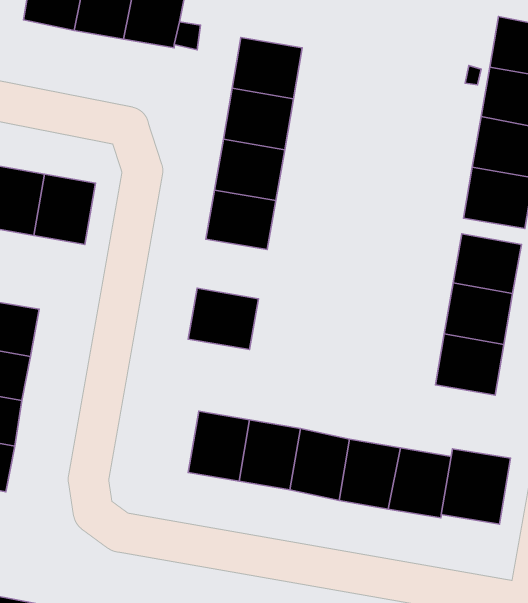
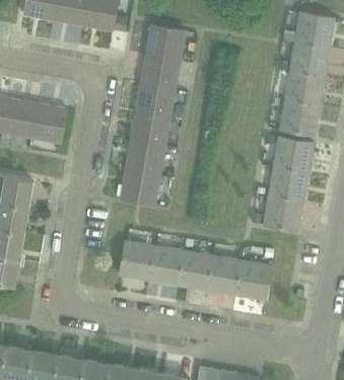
building: none -> [125,141,165,175]
building: [441,449,511,524] -> none

